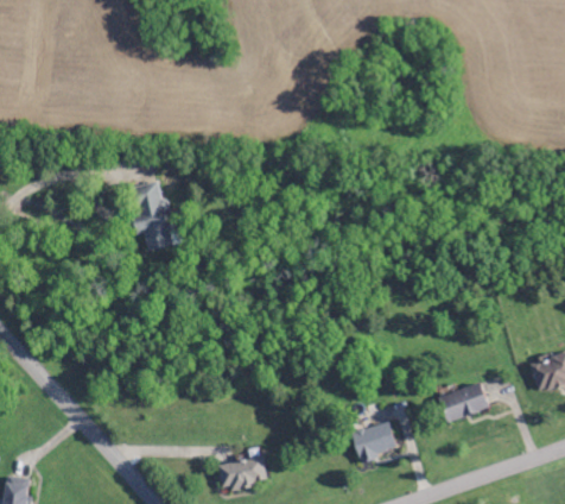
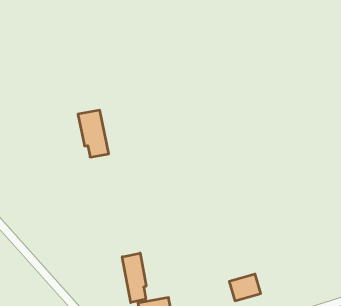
building: [438,383,489,423] -> none
building: none -> [122,253,146,303]

